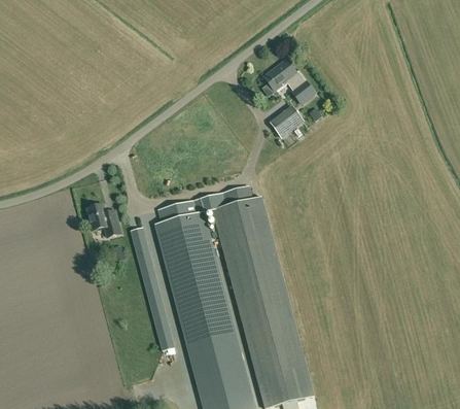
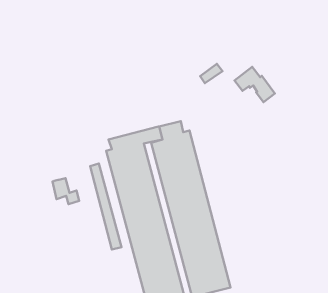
building: [263,58,315,103] -> [235,67,275,102]
building: [87,204,121,237] -> [53,178,79,204]

